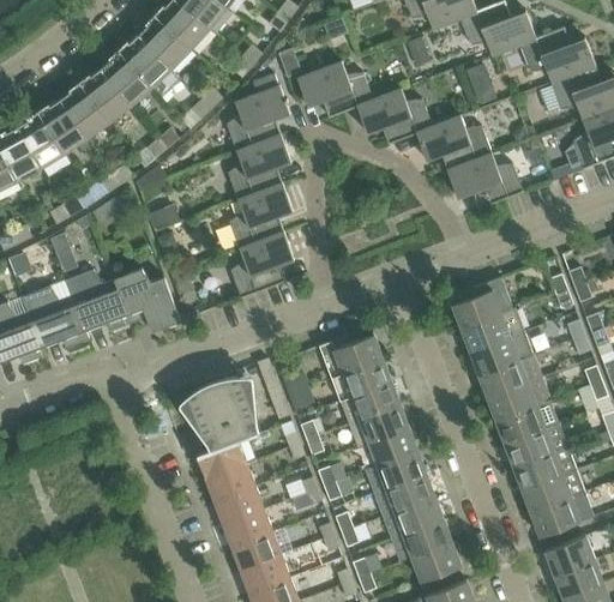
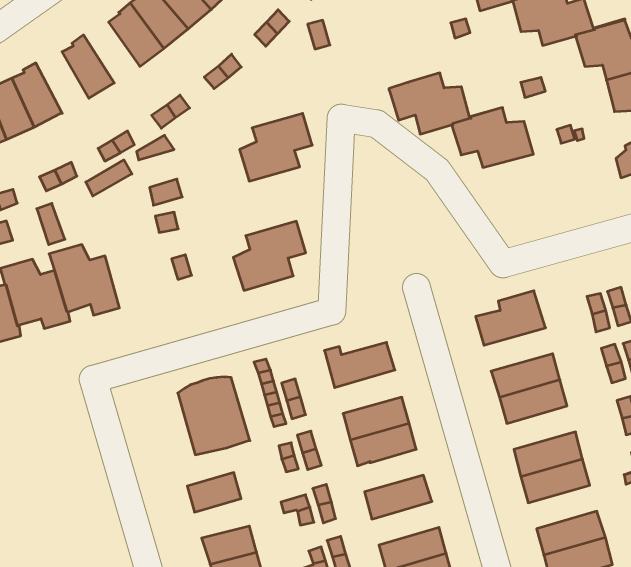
building: [297,62,374,118] -> none
building: [79,68,132,122] -> none
building: [227,73,290,152] -> none
building: [38,98,89,153] -> none
building: [447,155,523,209] -> none
building: [229,183,294,249] -> none
building: [115,269,181,332] -> none
building: [462,309,524,353] -> none
building: [331,359,392,402] -> none
building: [488,378,550,421] -> none
building: [365,428,417,470] -> none
building: [197,441,247,478] -> none
building: [513,447,576,490] -> none
building: [374,474,435,517] -> none
building: [215,486,265,524] -> none

